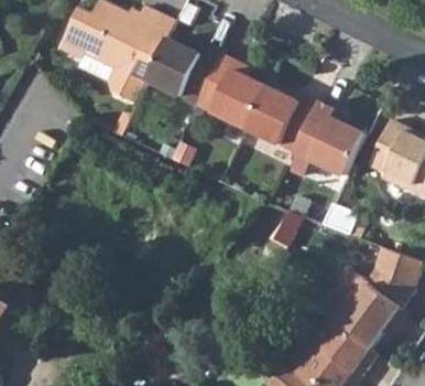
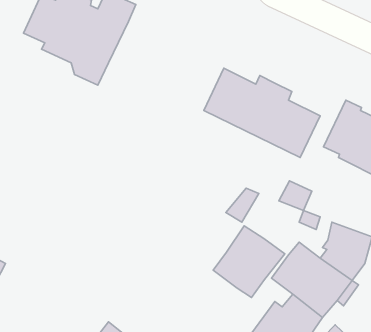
building: [146,39,266,131] -> none
building: none -> [213,226,285,298]

